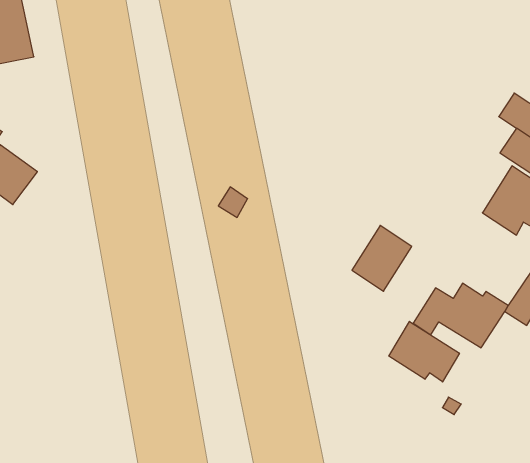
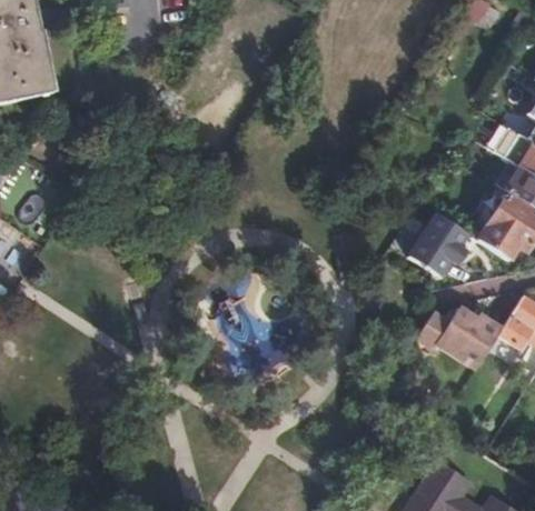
building: [352,225,412,291] -> [414,213,470,275]
building: [389,321,459,382] -> none

